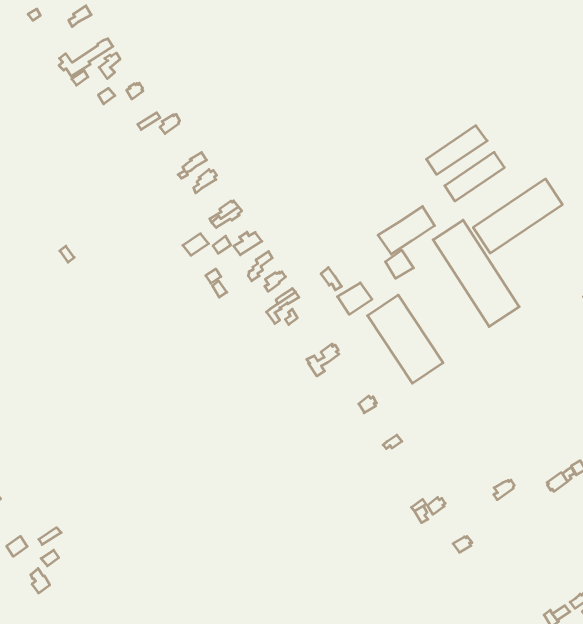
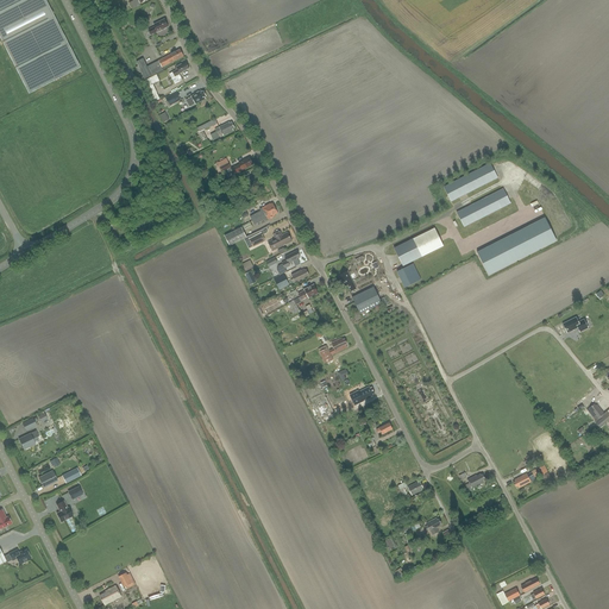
building: [433,220,519,327] -> none
building: [367,295,443,383] -> none

